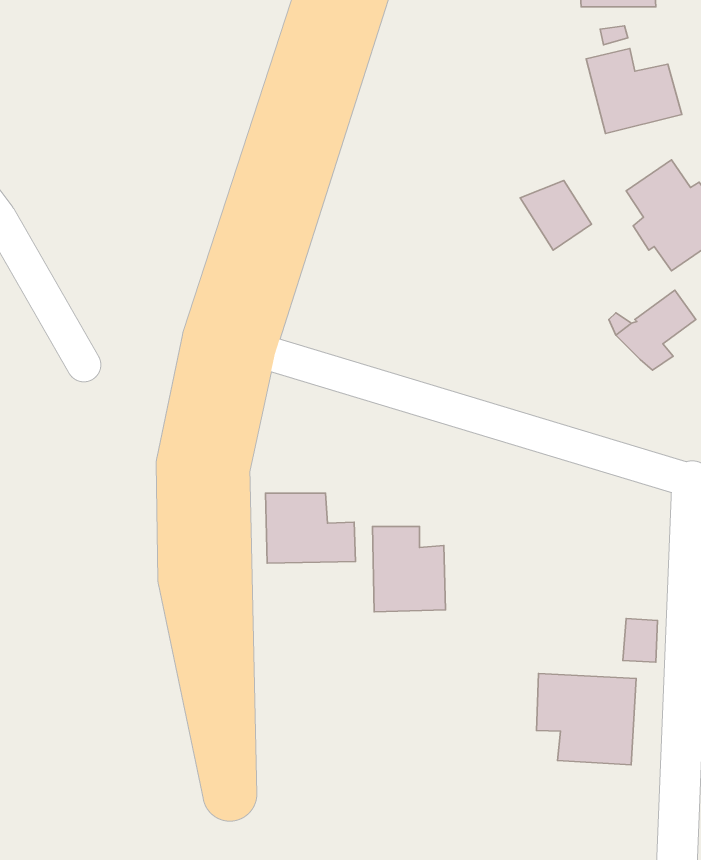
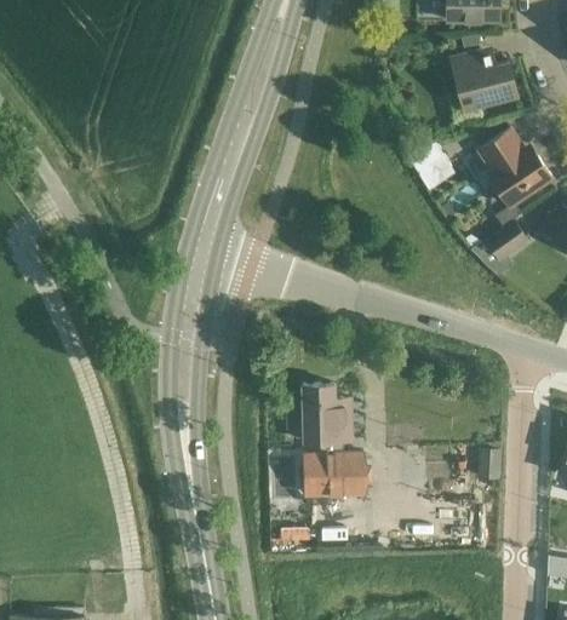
building: [266,493,355,563] -> none
building: none -> [303,453,363,504]
building: [537,673,636,765] -> none

